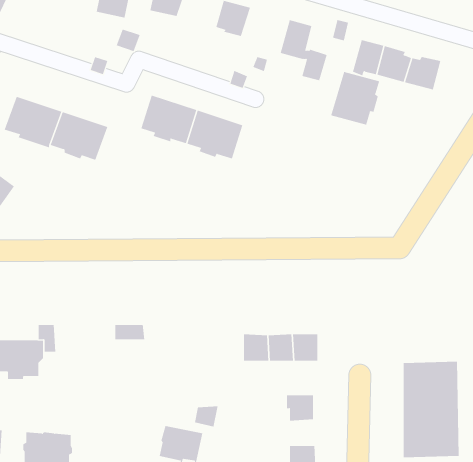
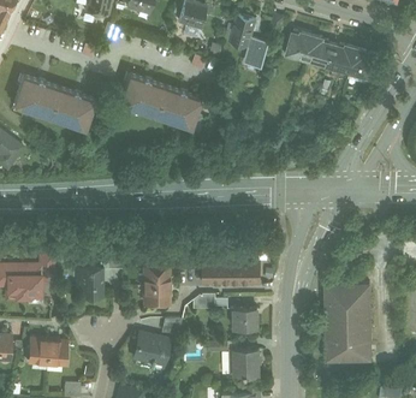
building: none -> [350,48,375,81]
building: [331,71,380,125] -> none
building: none -> [144,267,168,307]
building: none -> [76,269,101,296]

